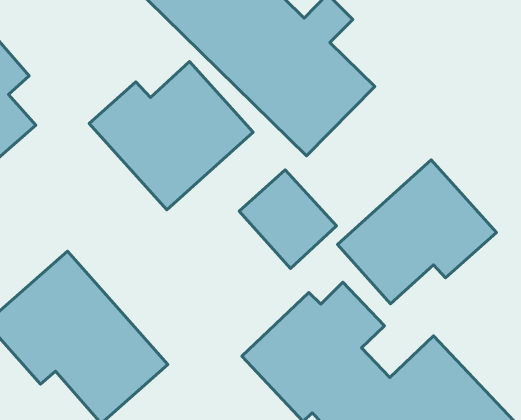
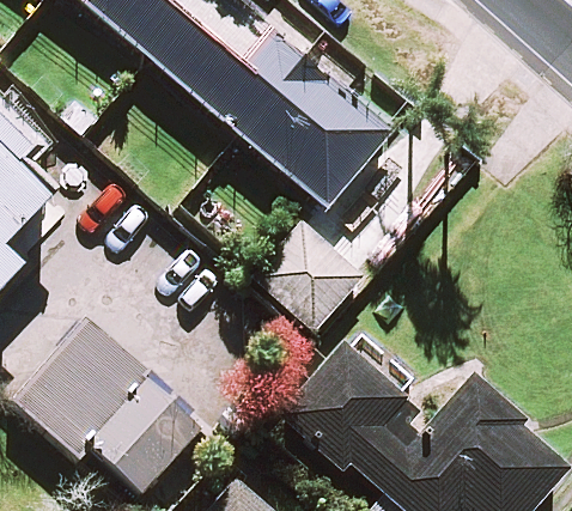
building: [89,62,253,210] -> none
building: [337,160,497,304] -> none

